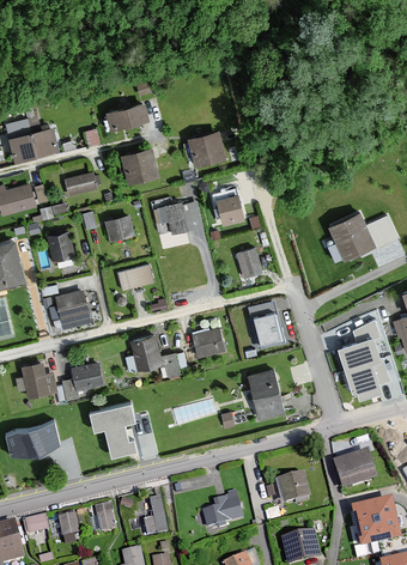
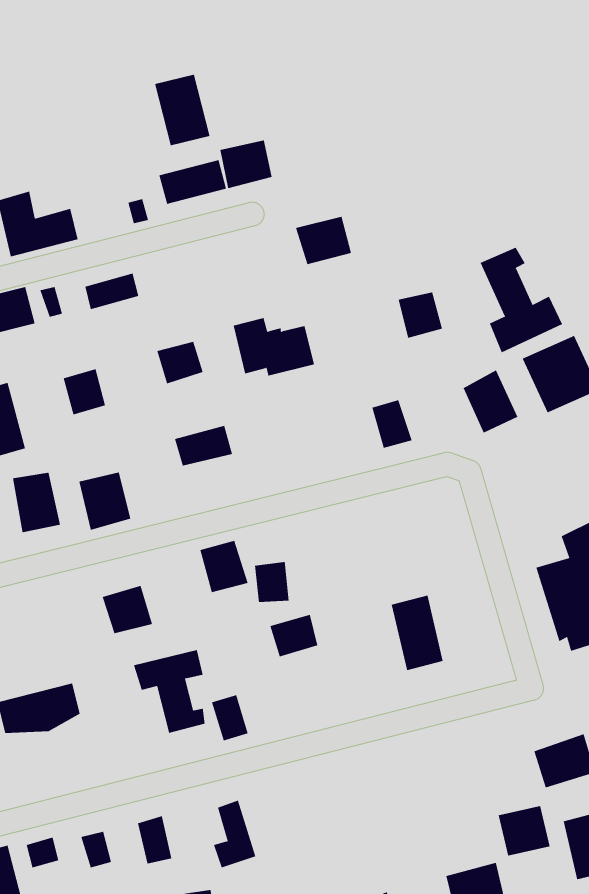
building: none -> [154,74,210,146]
building: [124,156,157,186] -> [220,140,272,189]
building: none -> [480,247,563,353]
building: [214,194,242,223] -> [398,292,443,339]
building: none -> [463,370,518,433]
building: [249,304,285,346] -> none
building: [194,329,224,356] -> [269,614,318,657]
building: [20,362,50,399] -> [12,472,61,533]
building: [275,475,308,506] -> [498,806,551,856]
building: [202,496,242,528] -> none

